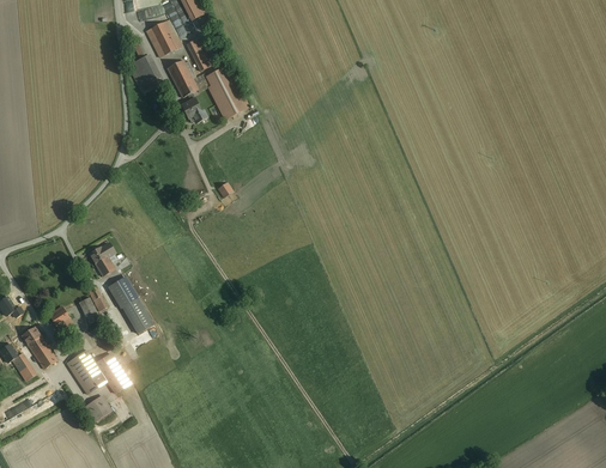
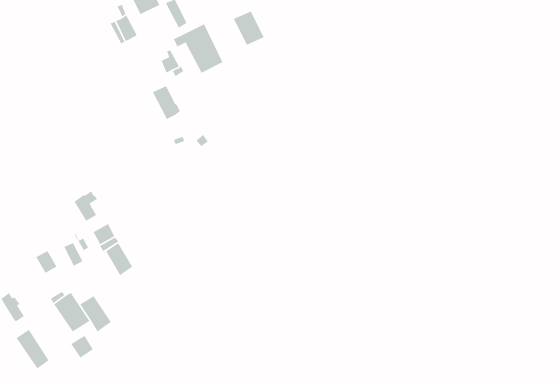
building: none -> [233,10,265,46]
building: [166,61,198,98] -> [152,85,181,120]
building: [20,326,56,369] -> [16,329,50,370]

